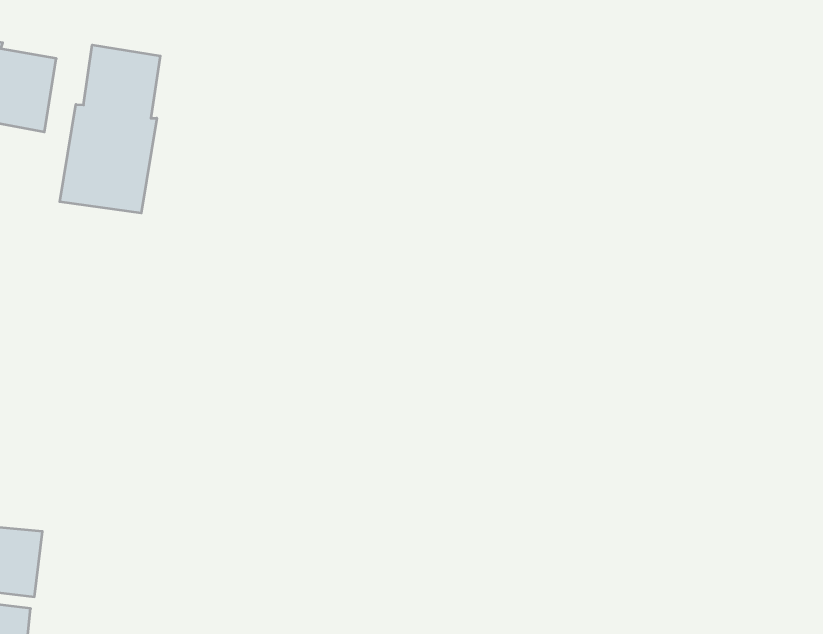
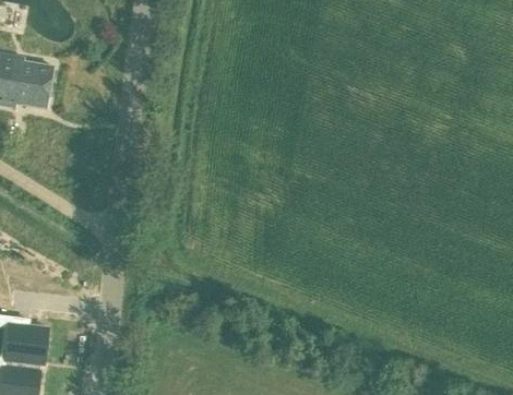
building: [60,45,160,213] -> none

